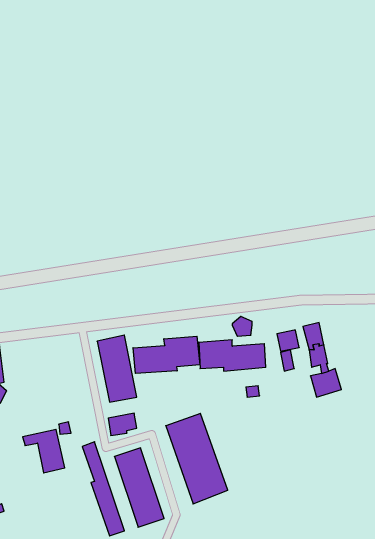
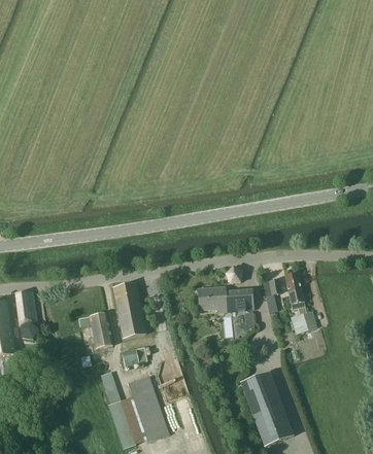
building: [133,336,200,373] -> none
building: [166,413,228,504] -> [240,372,292,447]
building: [23,429,65,473] -> [78,312,113,348]

